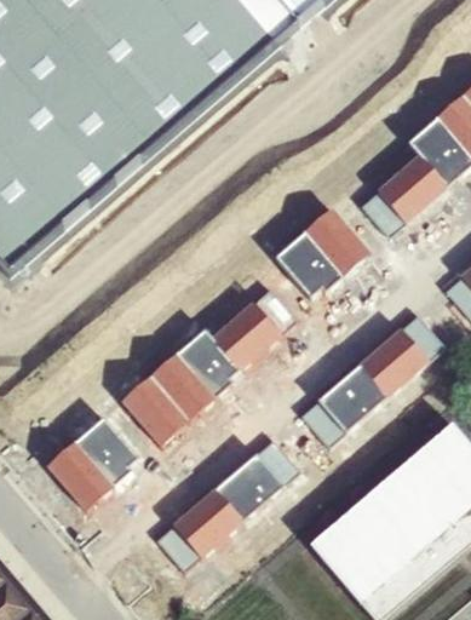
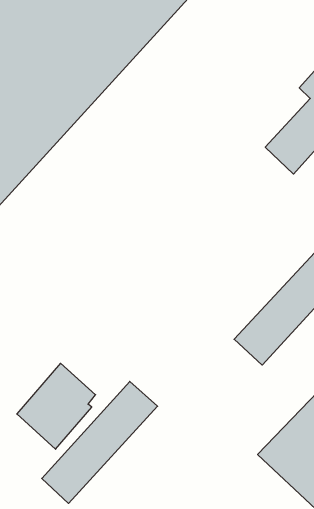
building: [276,207,371,293] -> none
building: [120,300,281,446] -> none
building: [157,441,297,569] -> [42,381,158,503]

